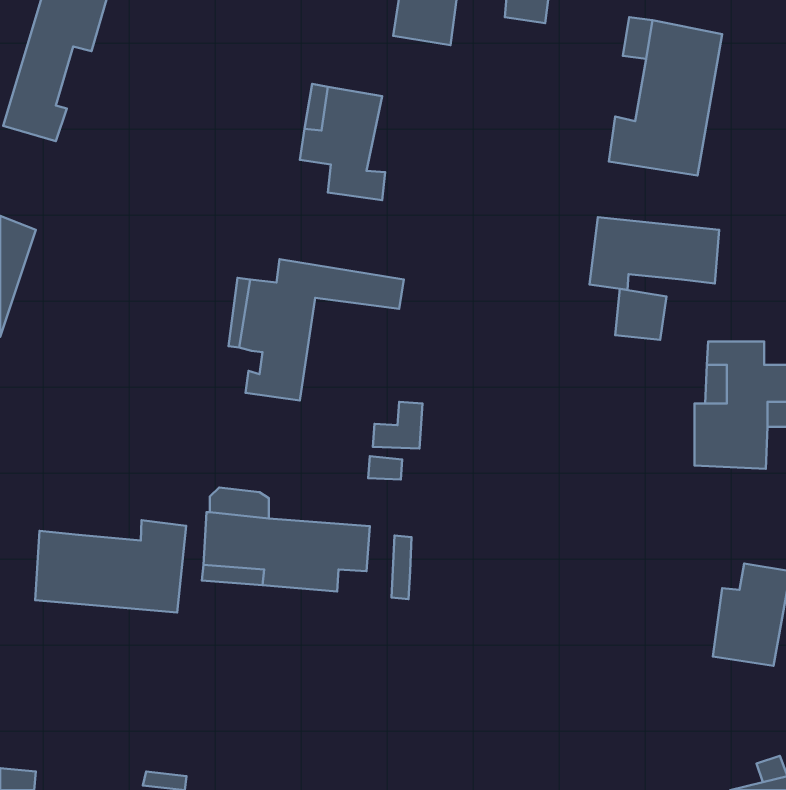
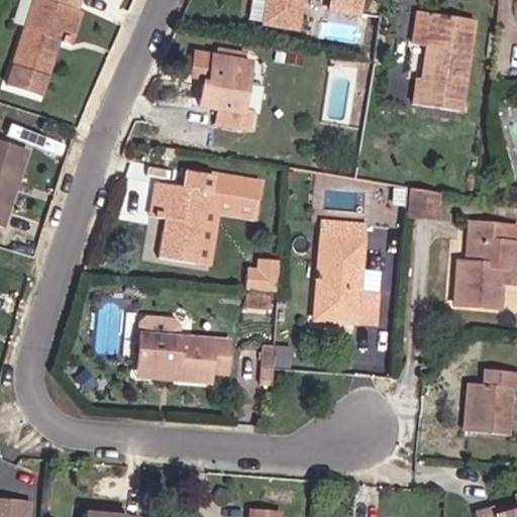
building: [589,217,719,290] -> none
building: none -> [200,194,265,263]
building: none -> [308,219,383,321]
building: [35,520,186,613] -> none

